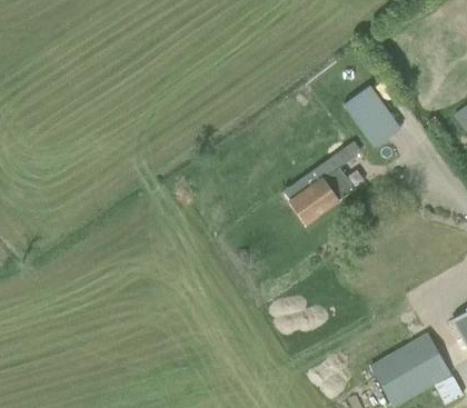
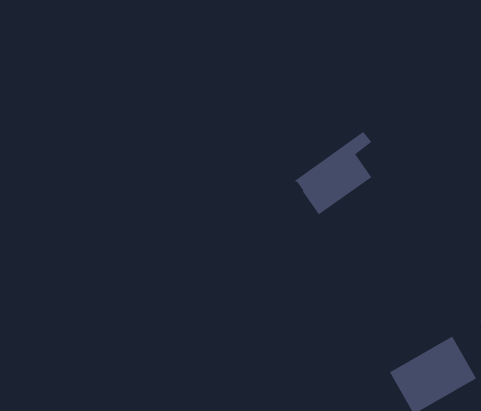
building: [345,86,389,147] -> none

